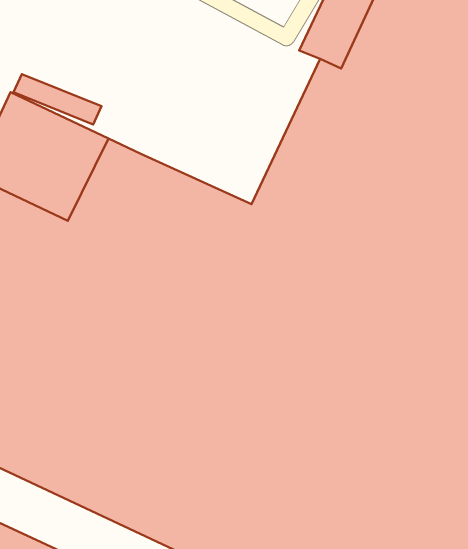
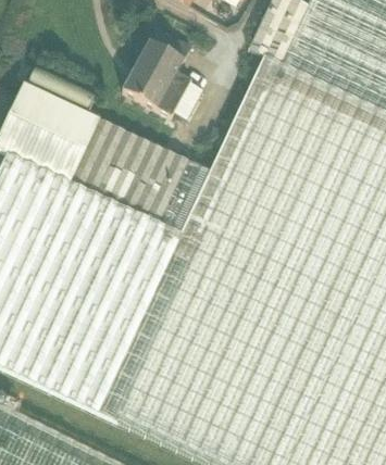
building: none -> [123,29,191,118]

